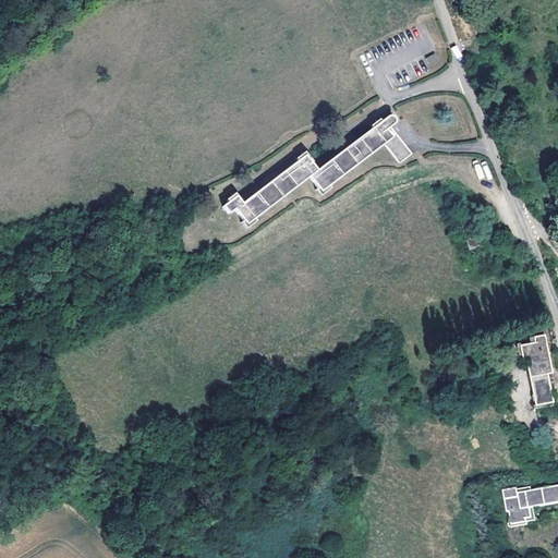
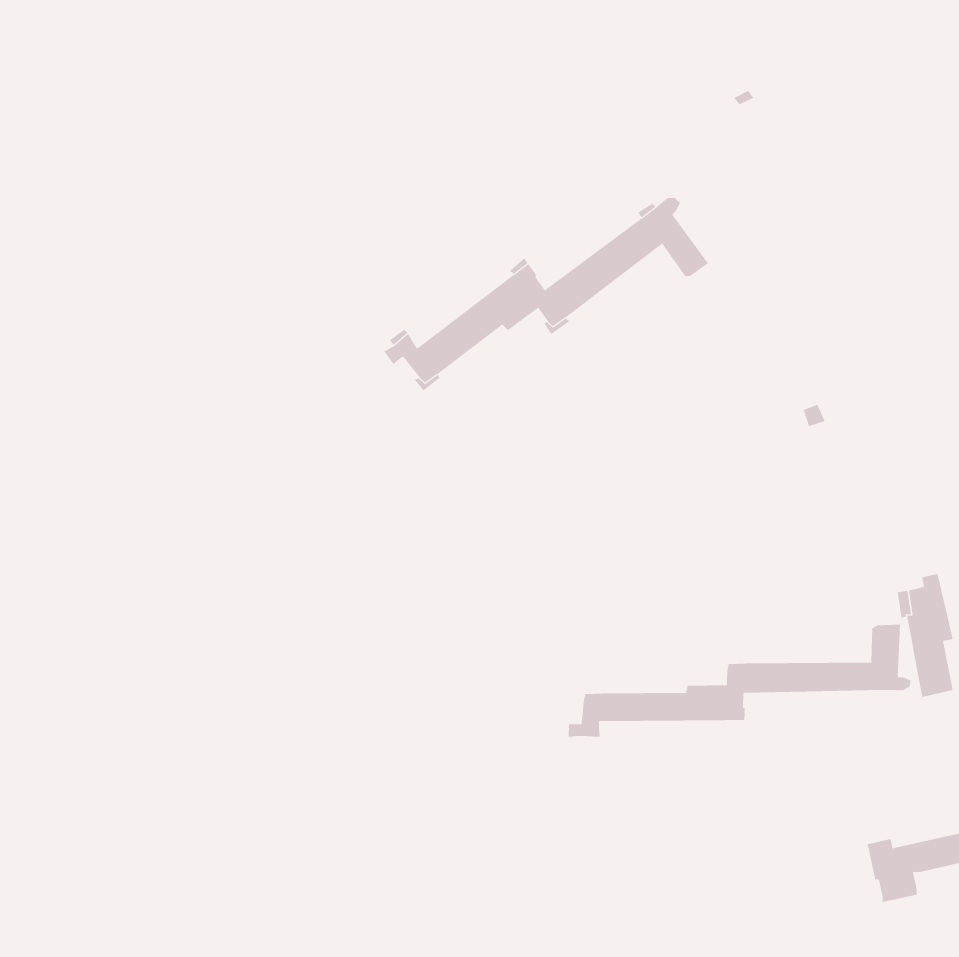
building: none -> [568,624,911,738]

